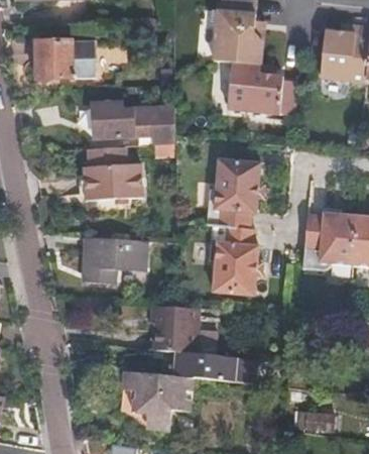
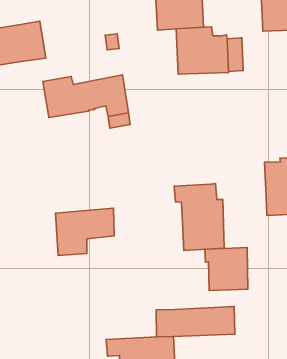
building: [82,146,140,199] -> none
building: [206,159,259,228] -> none
building: [155,304,200,350] -> [205,248,248,290]

